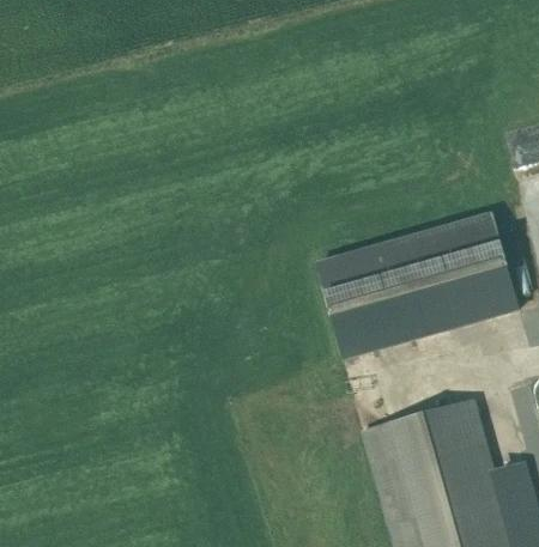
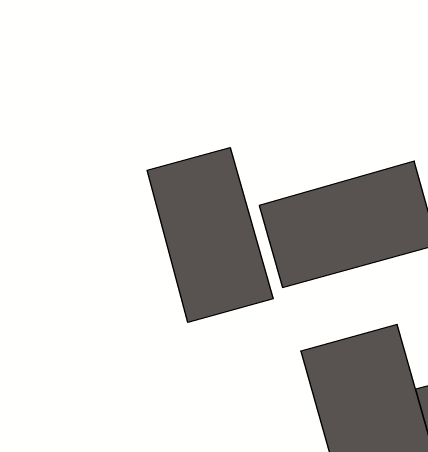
building: none -> [147,148,273,322]

